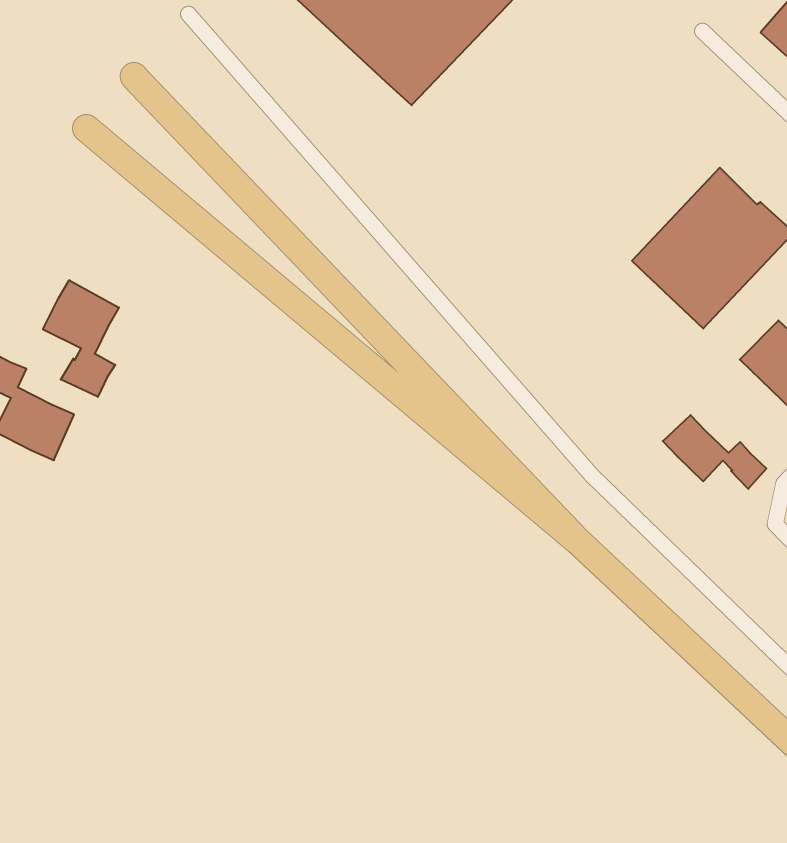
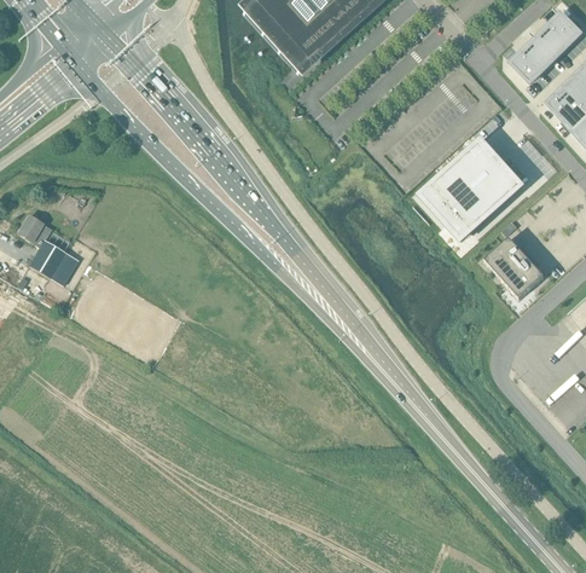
building: [43,280,119,397] -> none
building: [663,415,766,489] -> none

